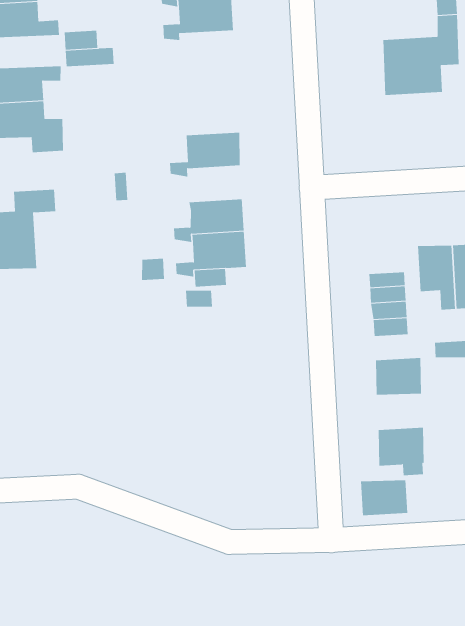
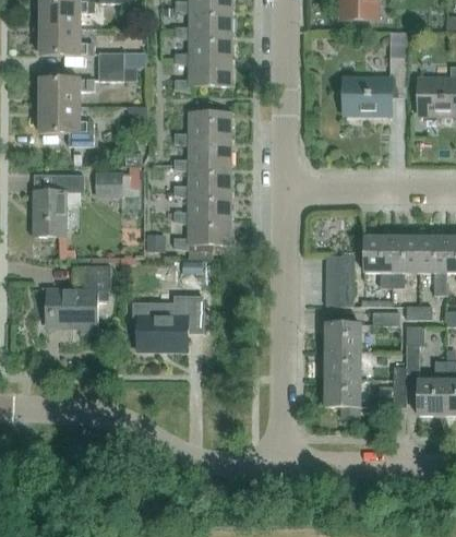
building: none -> [175,59,230,91]
building: none -> [173,99,230,145]
building: none -> [173,165,229,198]
building: none -> [95,172,121,194]
building: none -> [46,265,110,332]
building: none -> [137,305,201,350]
building: [360,480,408,516] -> [324,350,360,378]

